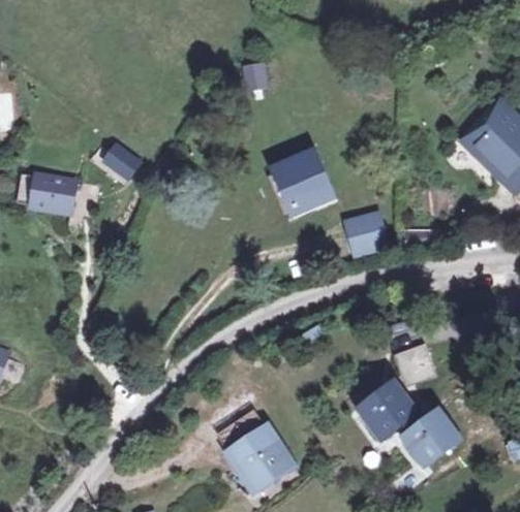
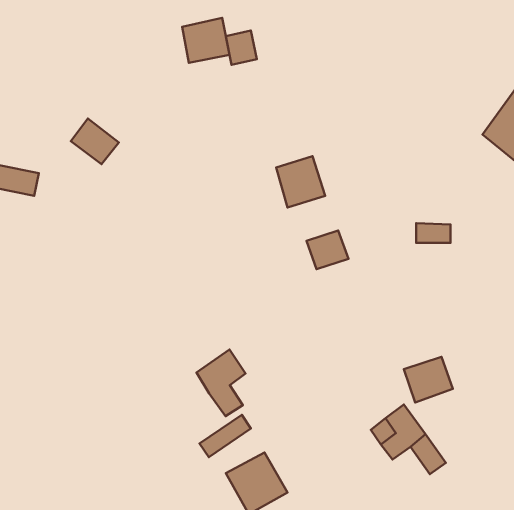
building: none -> [182,18,230,63]
building: [346,221,385,256] -> [306,230,349,269]
building: none -> [196,350,246,416]
building: [421,417,458,465] -> none

